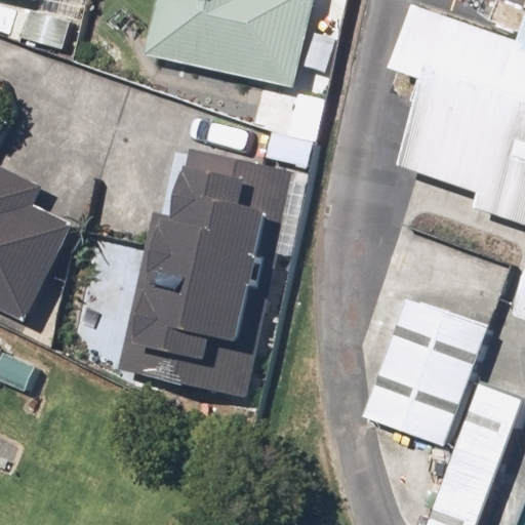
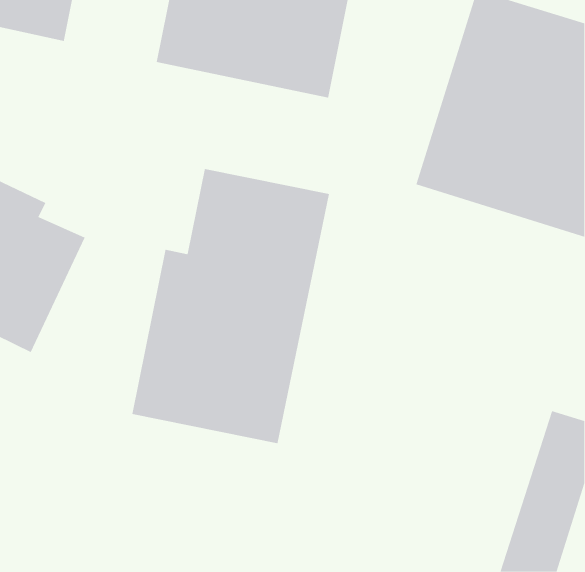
building: [372,289,493,437] -> none

